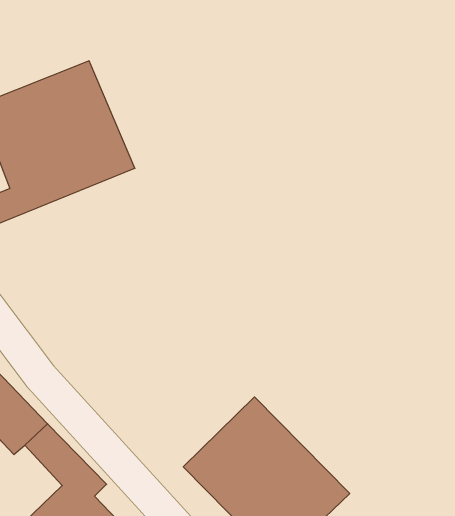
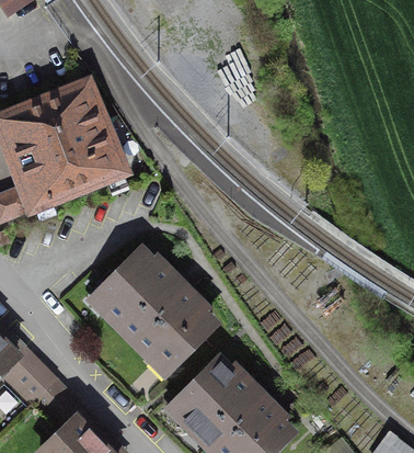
building: none -> [84,246,220,380]

